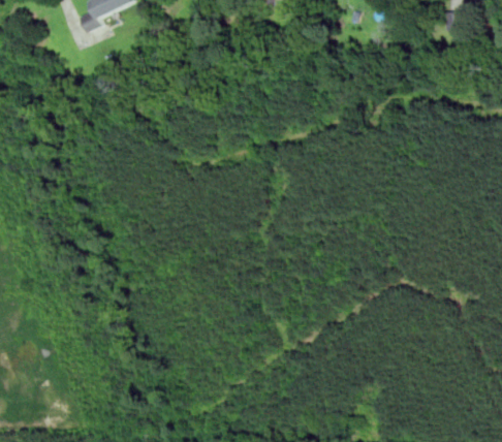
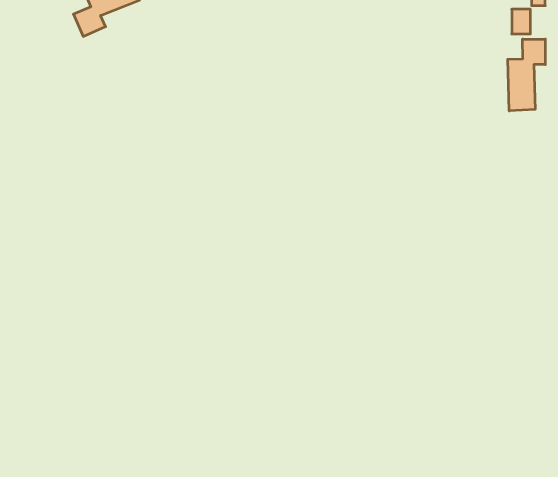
building: none -> [508,39,545,111]

